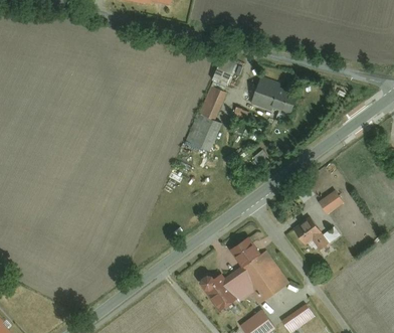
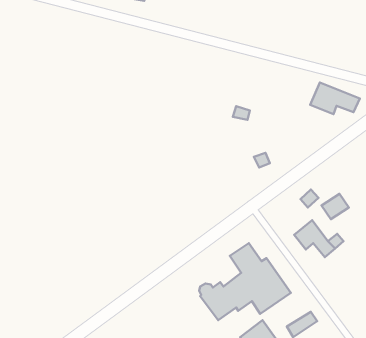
building: [212,56,237,86] -> none
building: [250,79,298,110] -> [310,83,360,114]
building: [187,87,227,154] -> none

